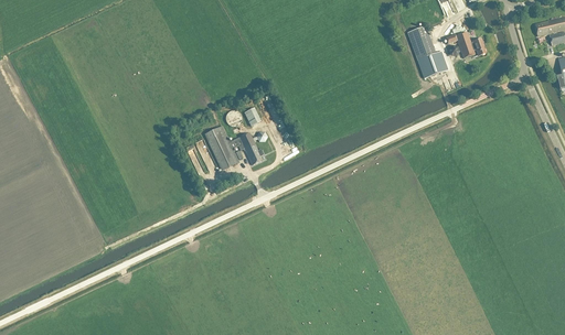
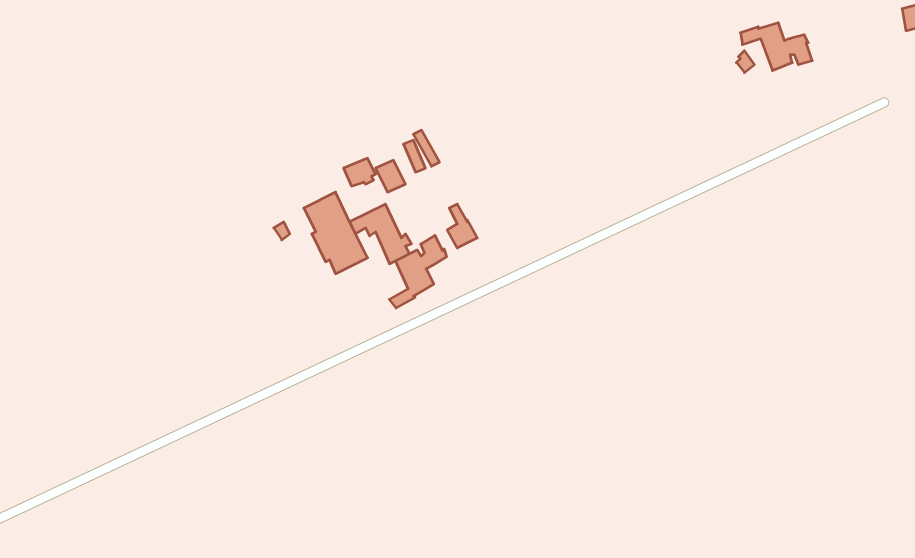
building: [407,24,447,77] -> none
building: none -> [389,235,446,308]

